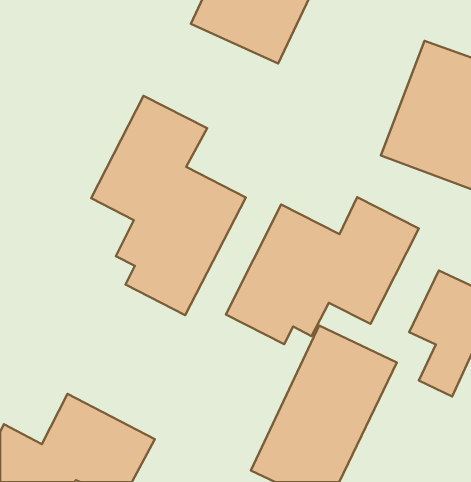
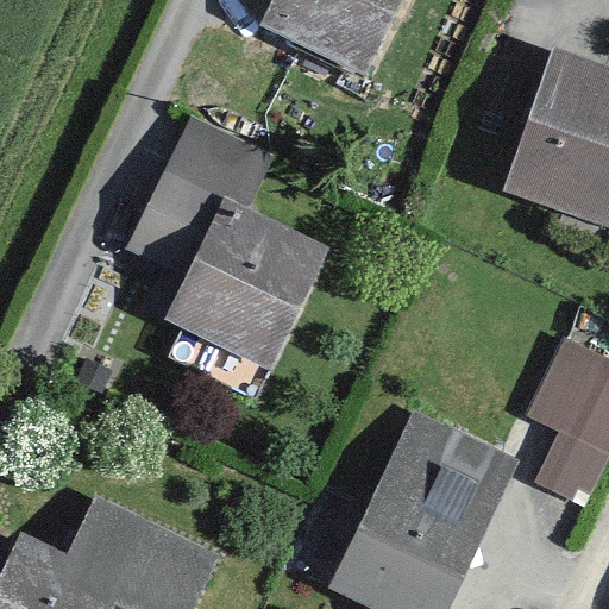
building: [226,197,419,344] -> none

